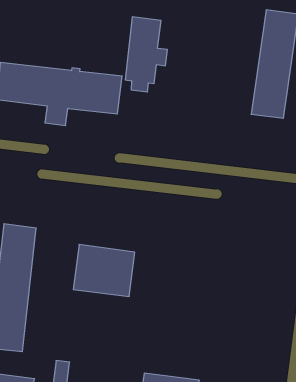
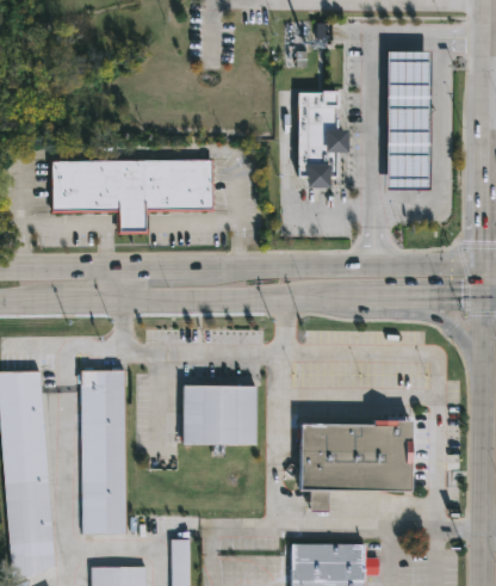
building: [125,17,167,92] -> [296,91,347,186]
building: none -> [296,418,404,512]

